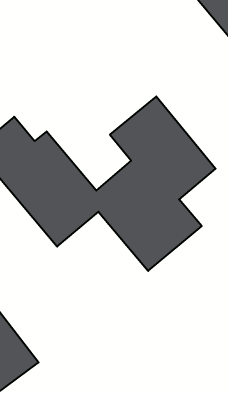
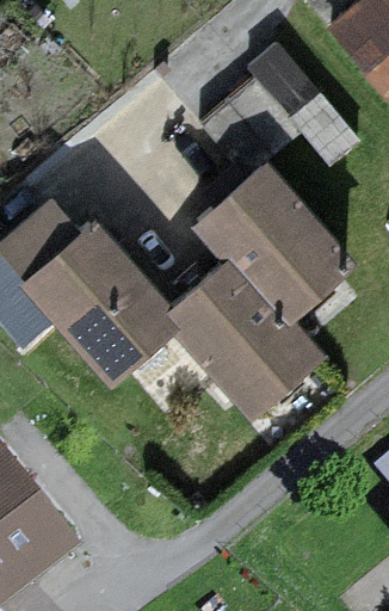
building: none -> [202,41,359,168]

